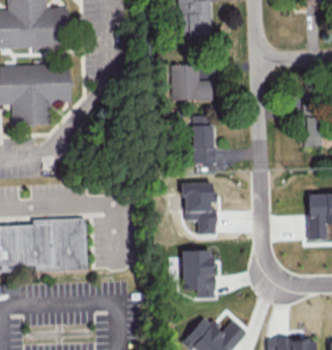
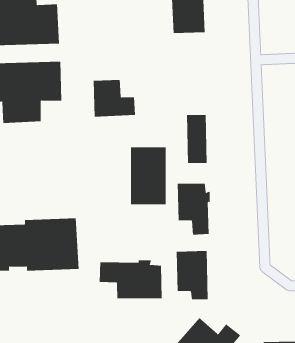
building: [172,64,214,101] -> [93,79,136,117]
building: none -> [131,147,166,205]
building: none -> [99,259,162,299]

